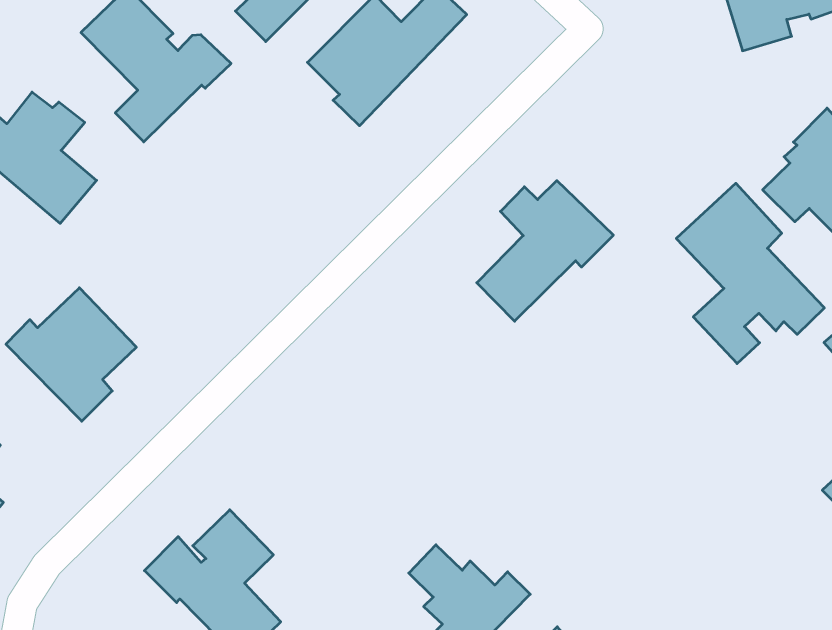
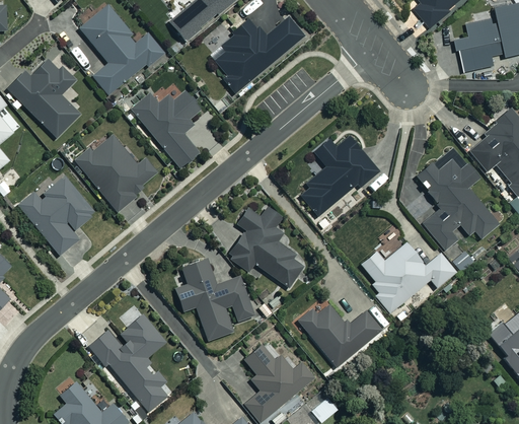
building: none -> [132,89,201,167]
building: none -> [76,133,158,212]
building: none -> [227,208,304,288]
building: none -> [366,242,457,312]
building: none -> [174,258,253,341]
building: none -> [298,304,383,367]

